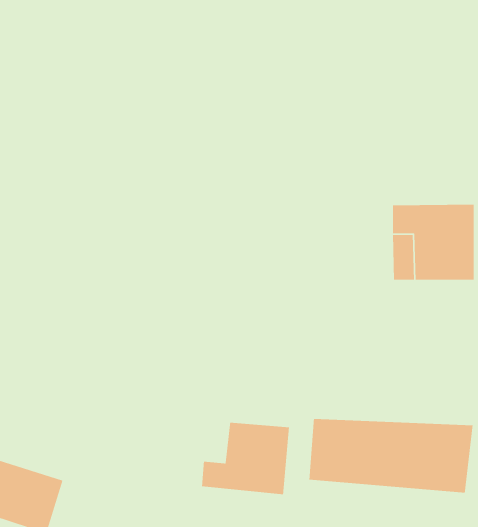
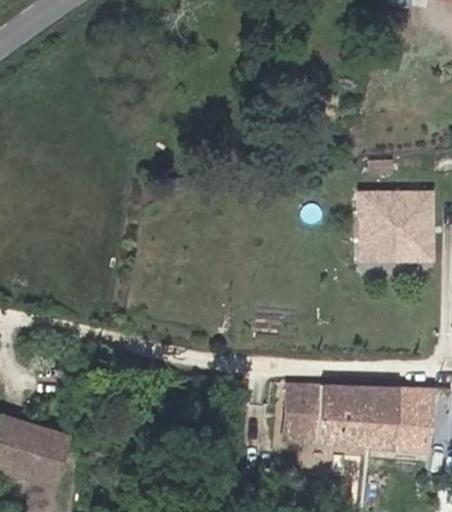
building: [201,422,290,495] -> none

